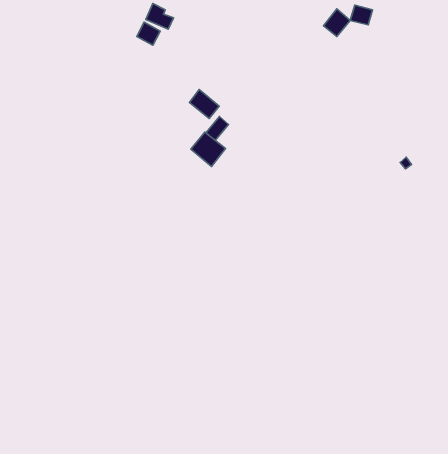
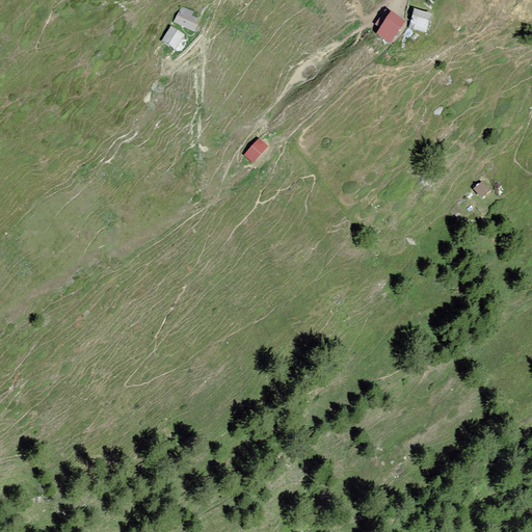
building: [189,89,219,118] -> none
building: [191,132,225,167] -> none

